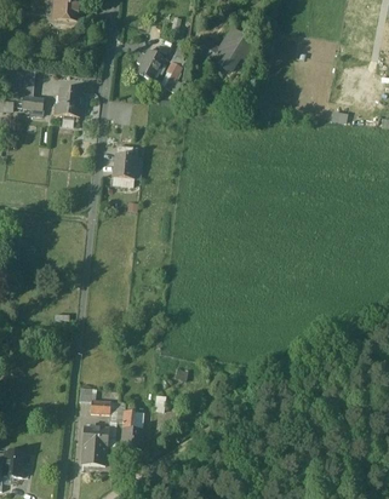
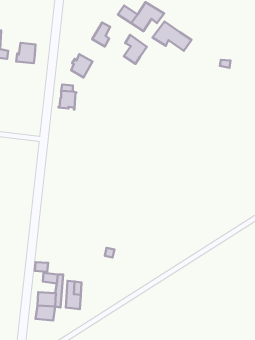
building: [136,48,165,80] -> [71,54,92,77]
building: none -> [153,22,192,51]
building: none -> [124,35,147,64]

